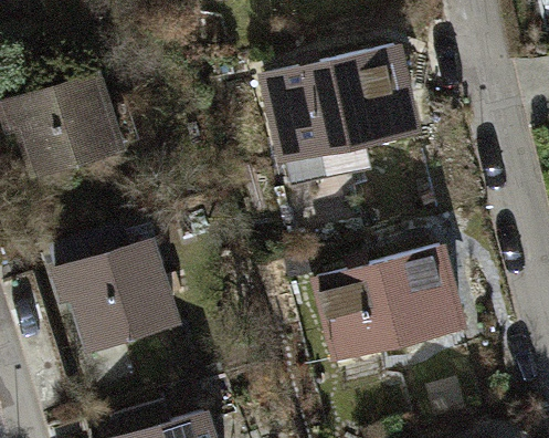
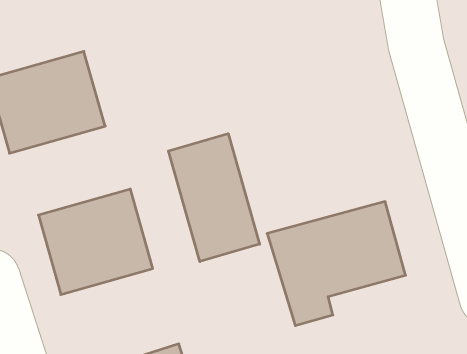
building: [260,48,418,163] -> none
building: none -> [168,134,260,262]

